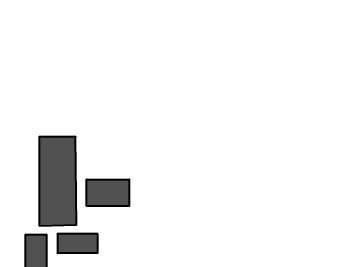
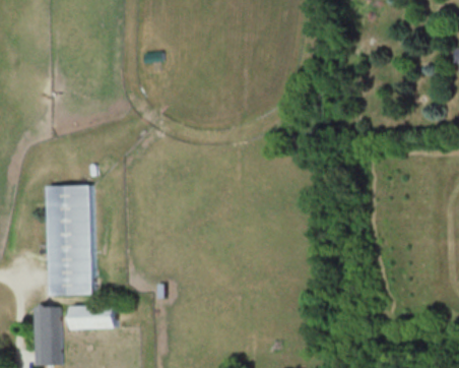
building: [87,179,129,206] -> none

